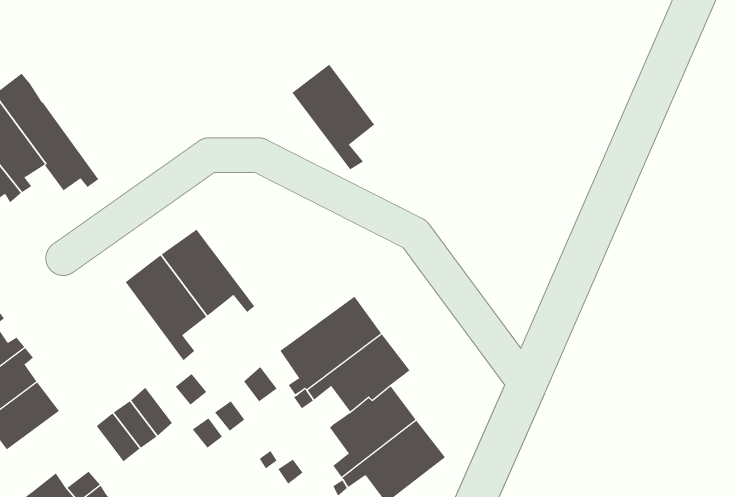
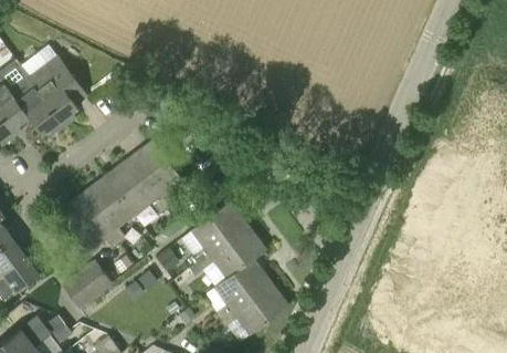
building: [292,64,376,170] -> [128,141,182,209]
building: none -> [21,53,80,127]
building: none -> [57,194,119,251]

